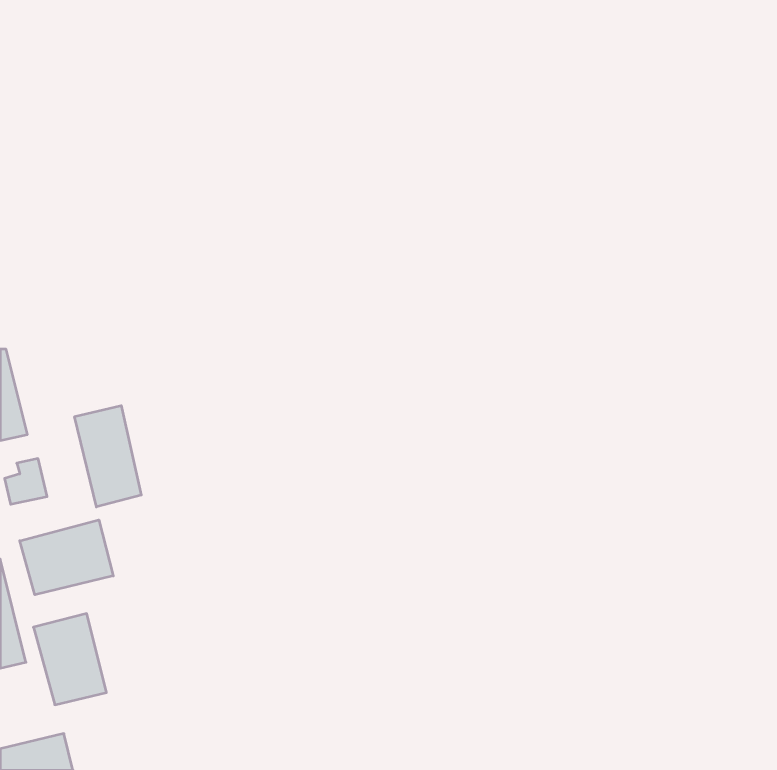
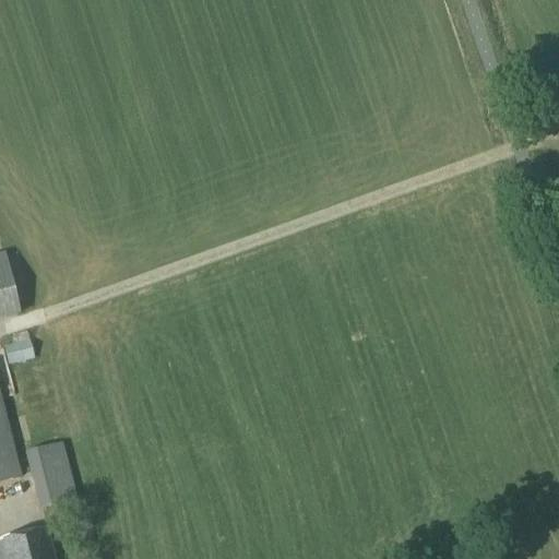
building: [75,406,141,507] -> none
building: [20,520,113,595] -> none

